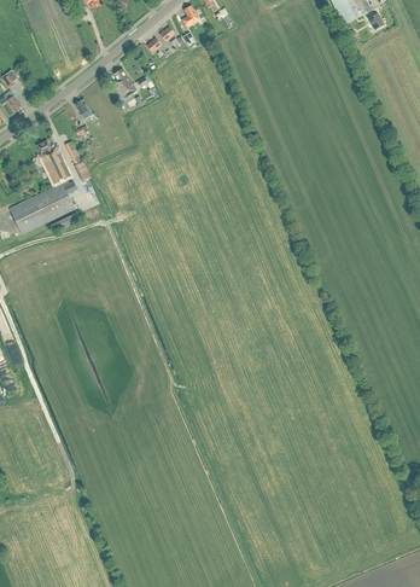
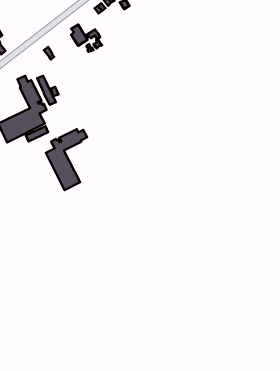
building: none -> [46,129,87,190]

